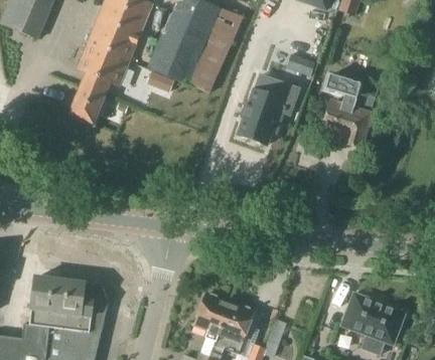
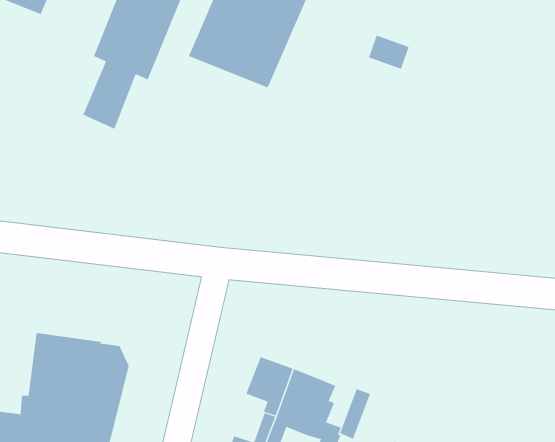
building: [322,73,375,148] -> none
building: [236,74,302,148] -> none
building: [341,293,406,354] -> none

